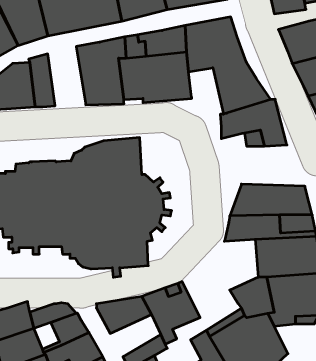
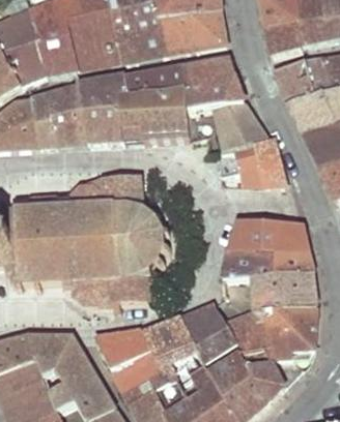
building: none -> [49,85,86,143]
building: none -> [180,300,235,358]
building: none -> [110,346,160,388]

